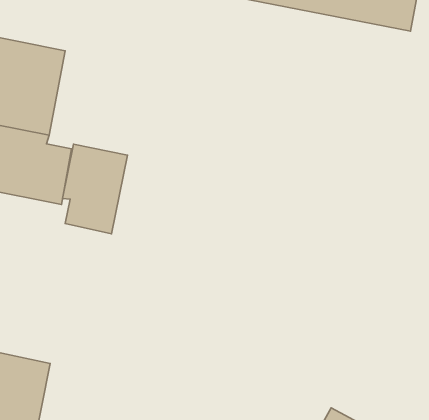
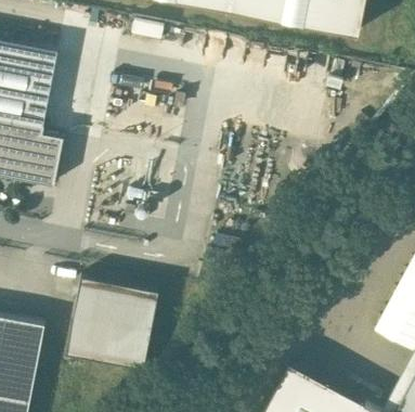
building: [63,144,127,234] -> none
building: none -> [67,278,158,368]

